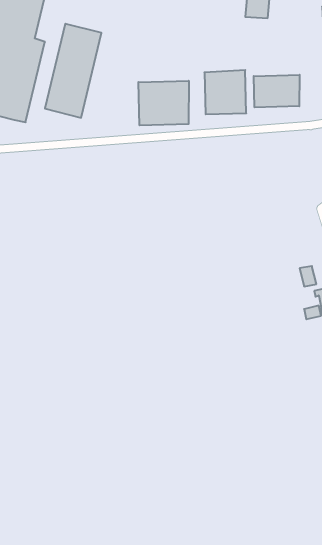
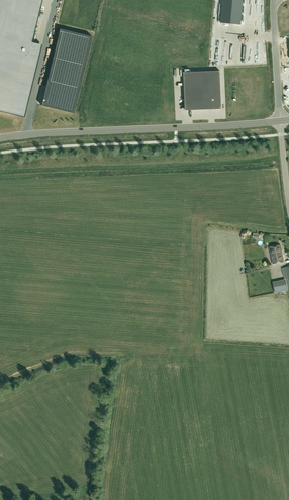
building: [254,75,300,107] -> none
building: [138,81,189,125] -> none

